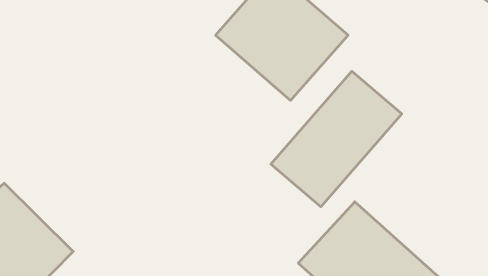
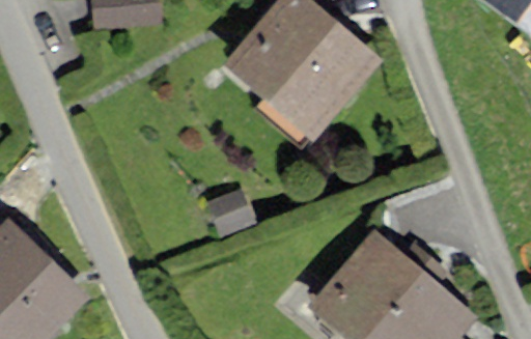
building: [271,71,402,207] -> none

